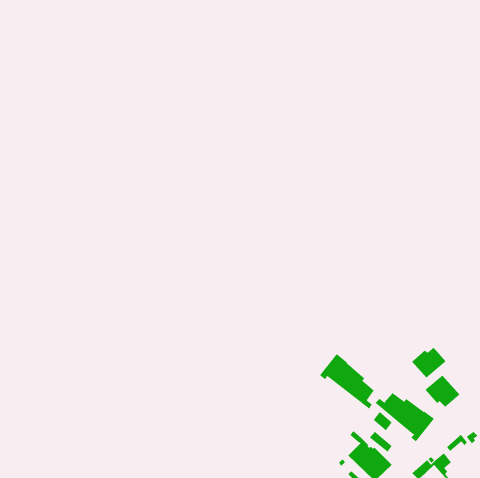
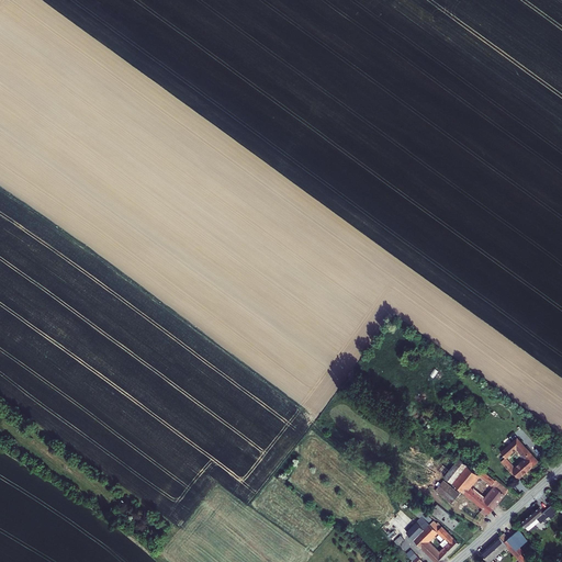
building: [411,347,446,378] -> none
building: [319,353,375,410] -> none

